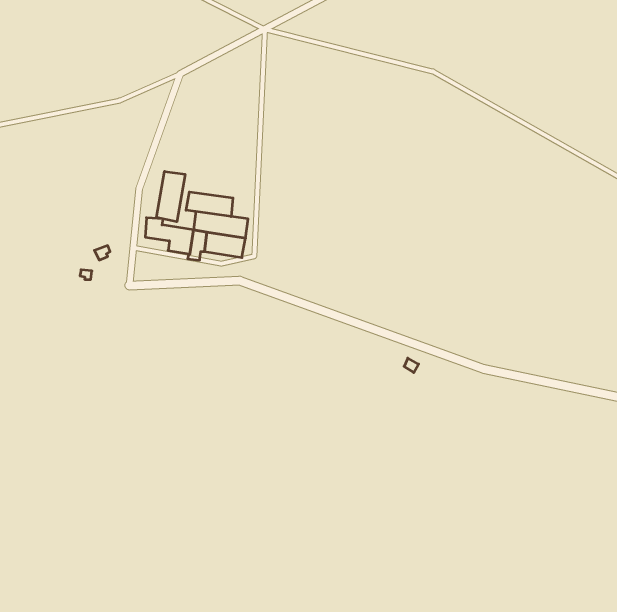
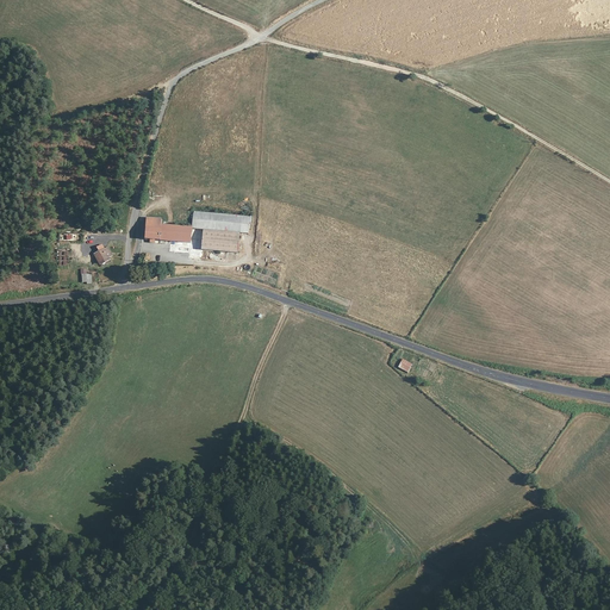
building: [157,171,185,222] -> none
building: [186,192,233,217] -> none

